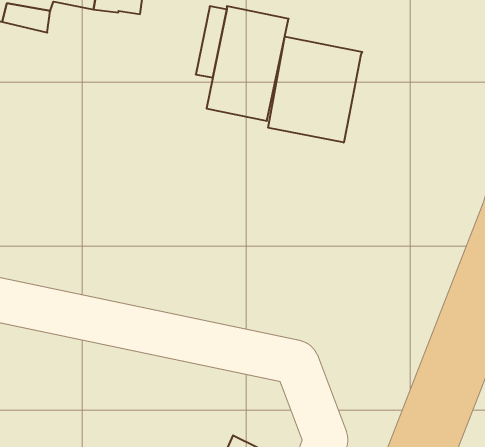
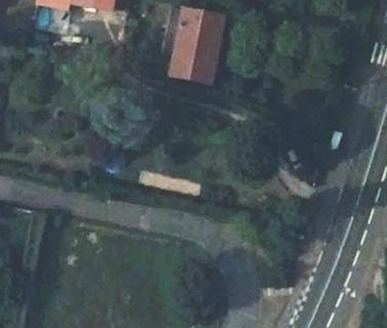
building: [268,36,362,143] -> none

